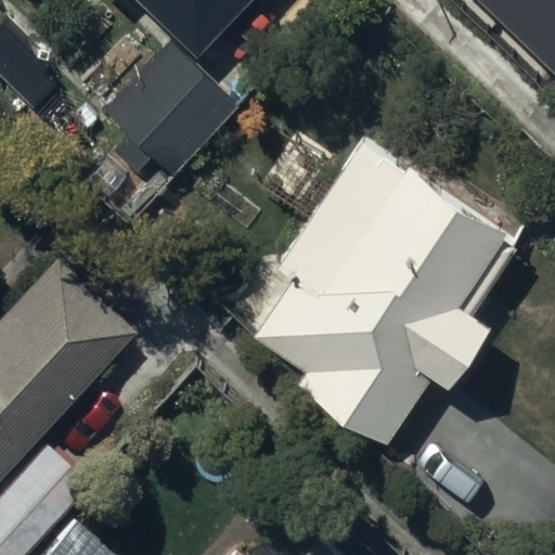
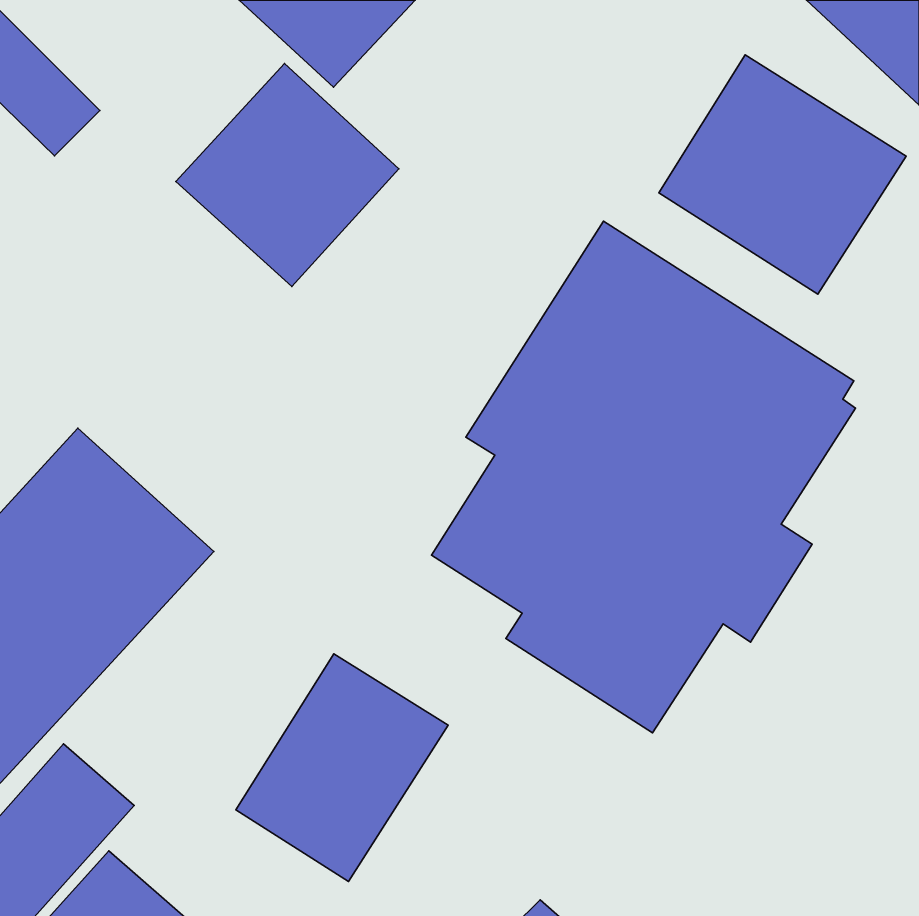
building: none -> [659,55,906,294]
building: none -> [236,654,448,882]

